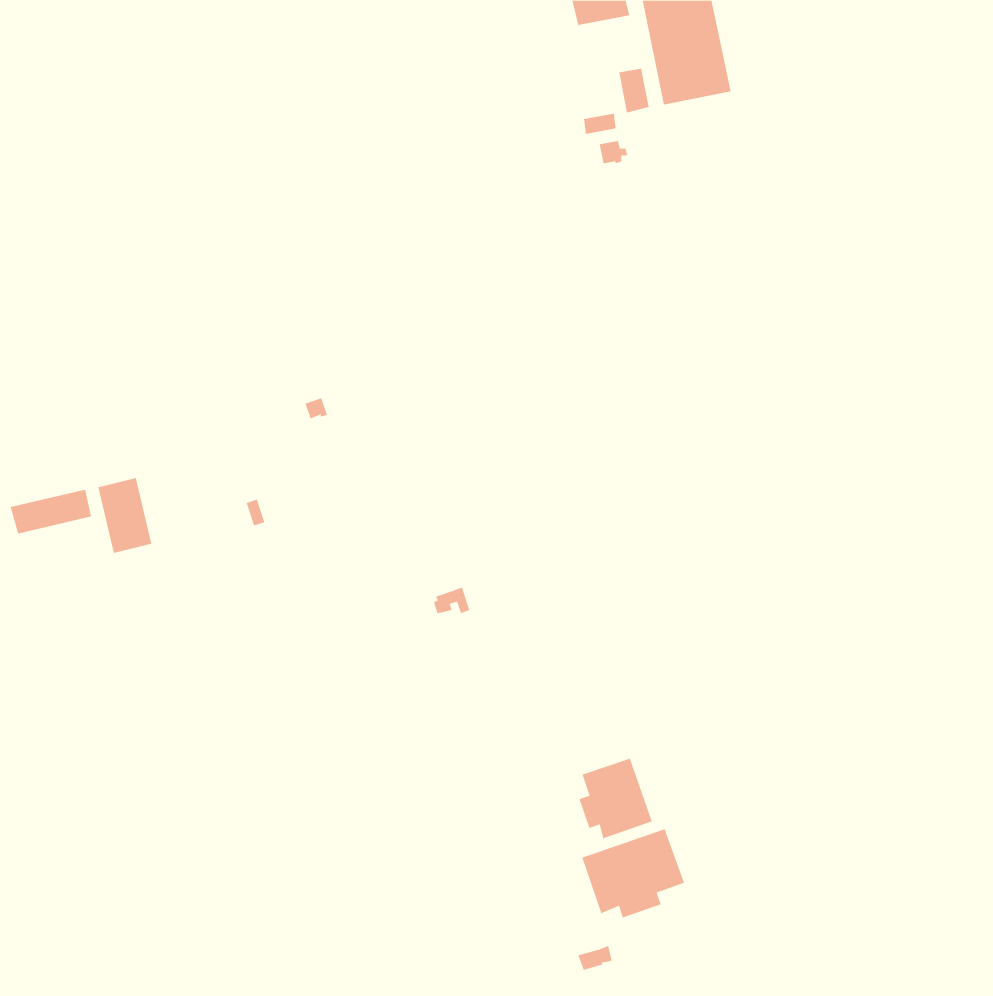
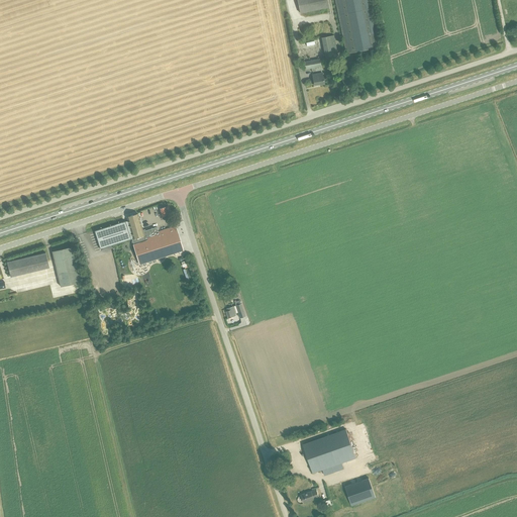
building: none -> [93,214,181,264]
building: [579,758,652,839] -> none
building: none -> [343,478,374,506]

